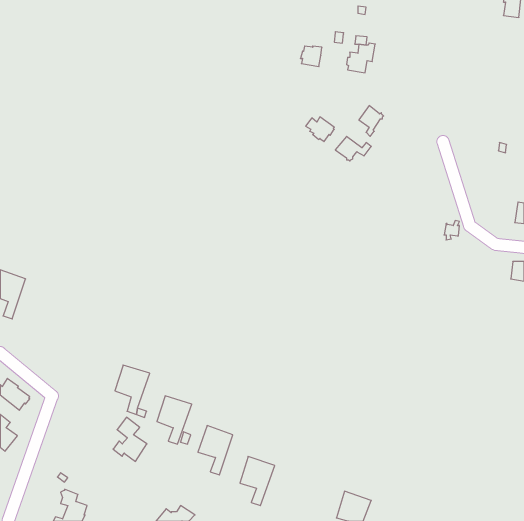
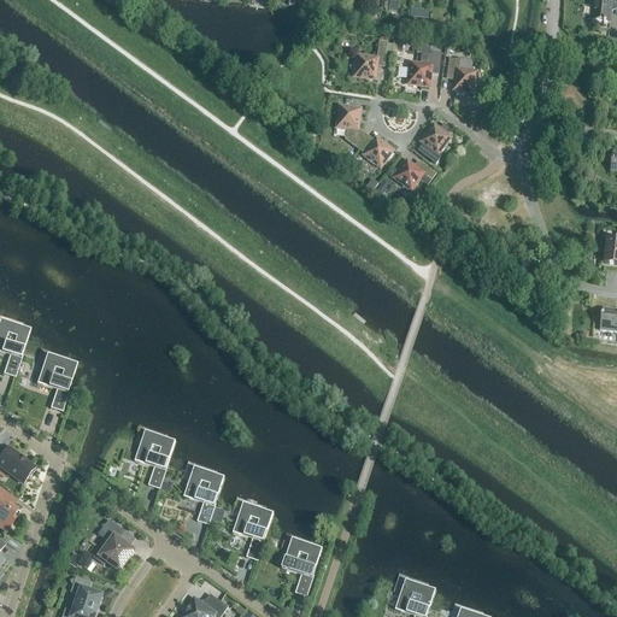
building: none -> [447,58,477,92]
building: none -> [337,105,362,145]
building: none -> [36,352,77,409]
building: [113,417,147,461] -> [94,518,134,570]

